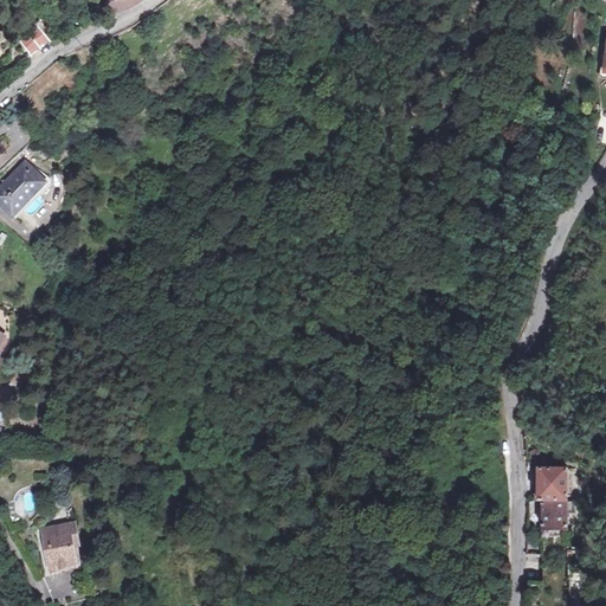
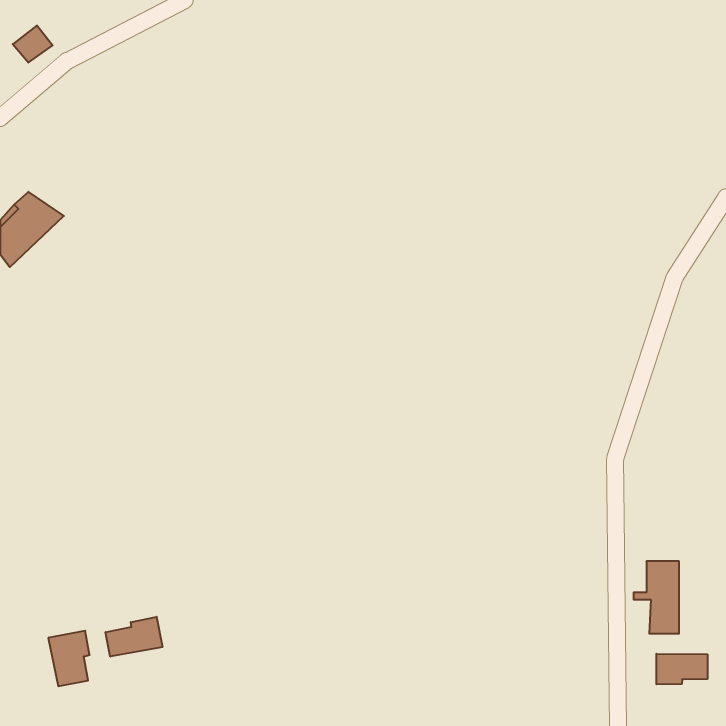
building: none -> [106,617,162,657]
building: none -> [656,654,707,684]

